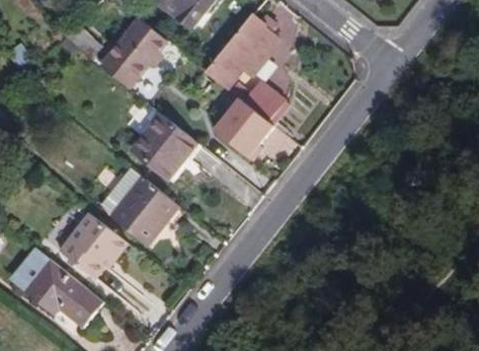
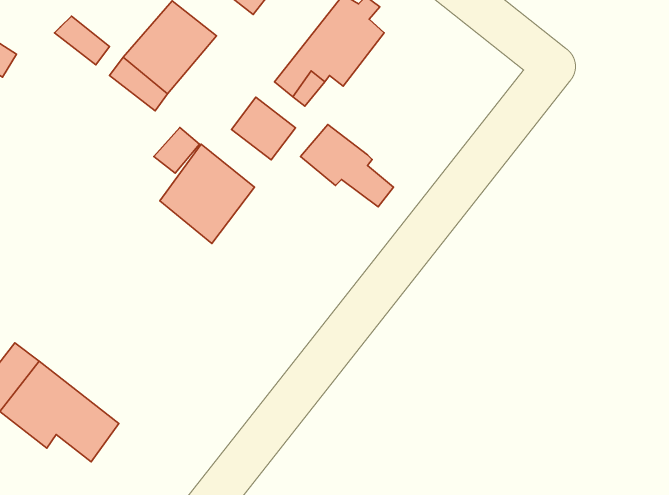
building: [242,80,285,122] -> [231,97,296,160]
building: [111,177,178,244] -> none
building: [49,202,127,276] -> none

